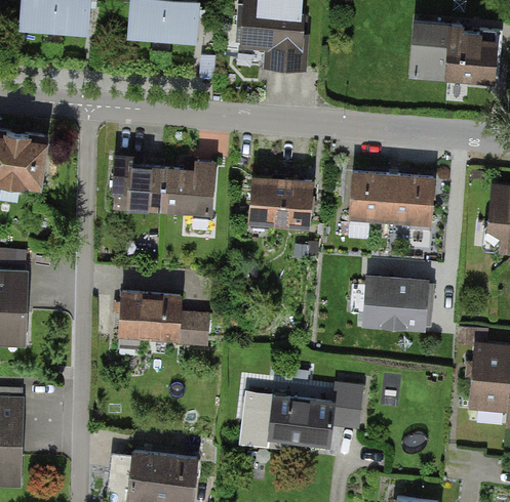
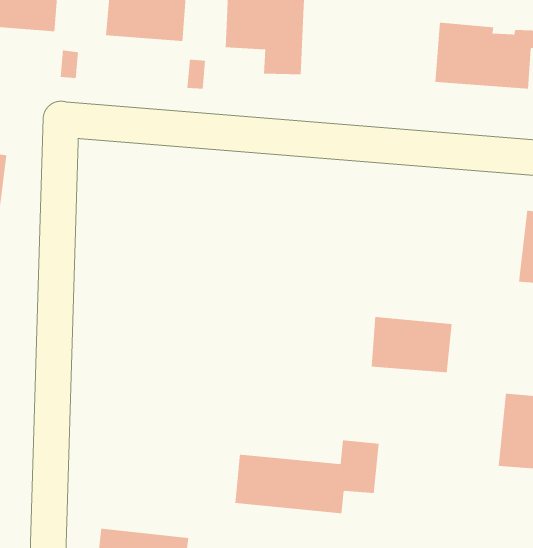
building: [114,157,217,213] -> none
building: [349,172,435,239] -> none
building: [249,177,313,225] -> none
building: [112,293,208,346] -> none

